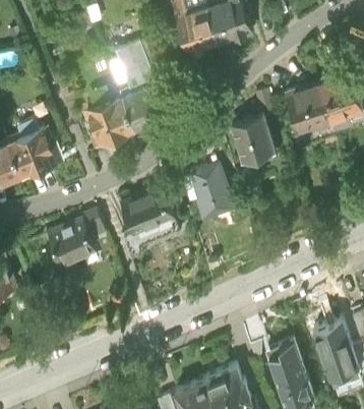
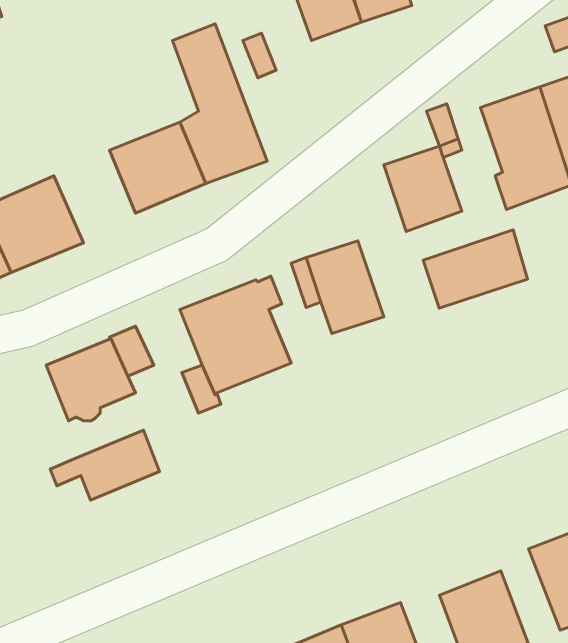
building: none -> [423,230,528,308]
building: none -> [50,430,159,500]

